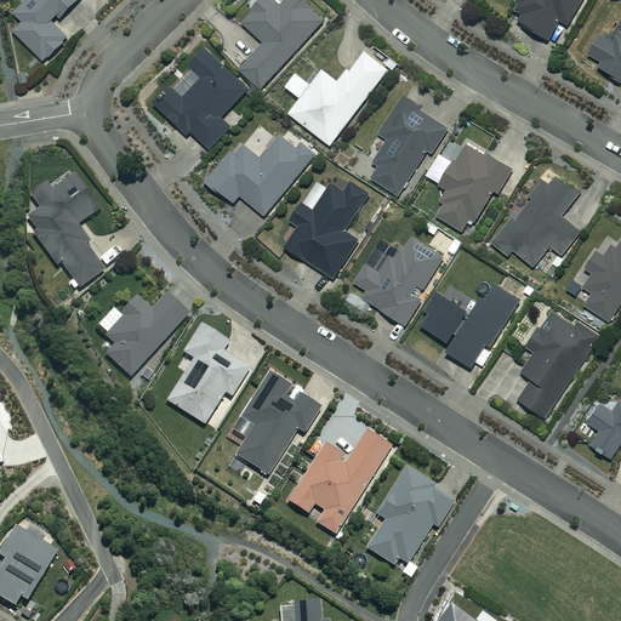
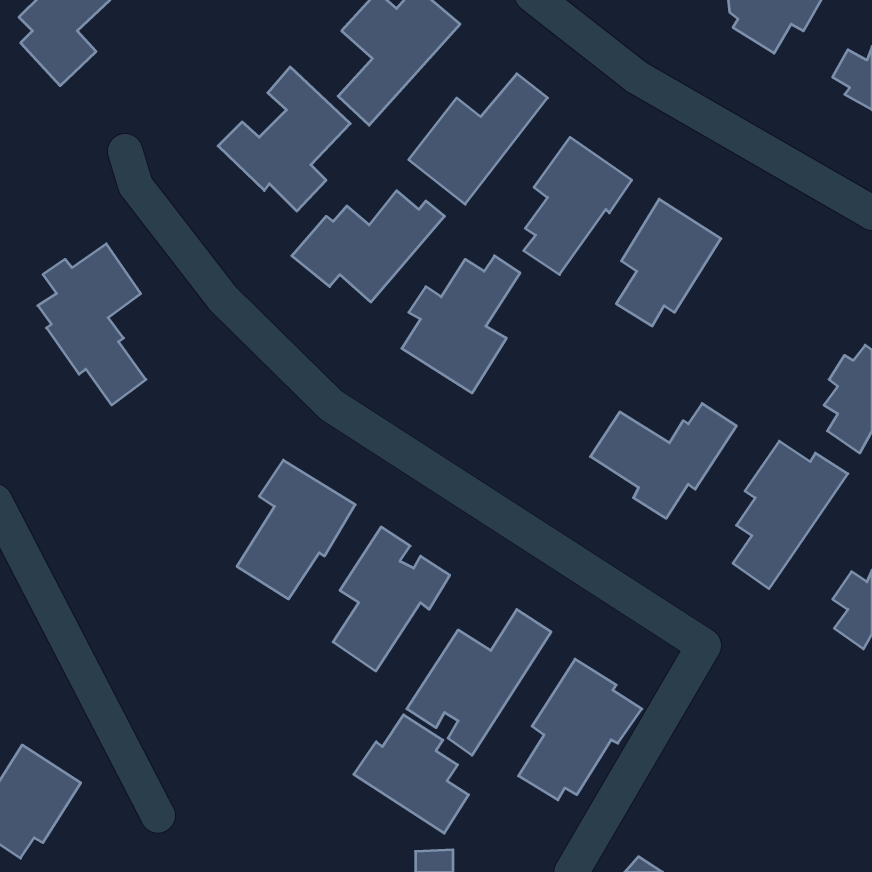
building: [491,176,579,266] -> none
building: [354,235,441,324] -> none
building: [106,294,188,375] -> none
building: none -> [354,715,469,833]

